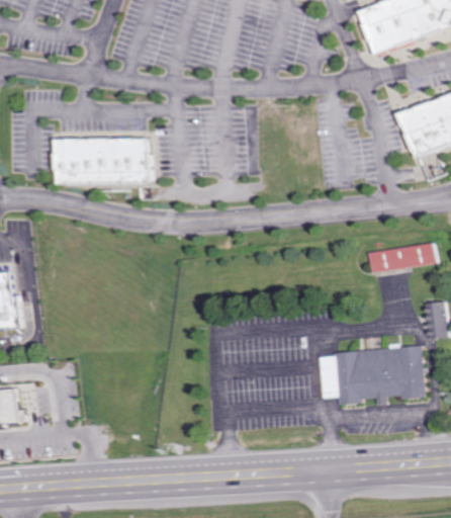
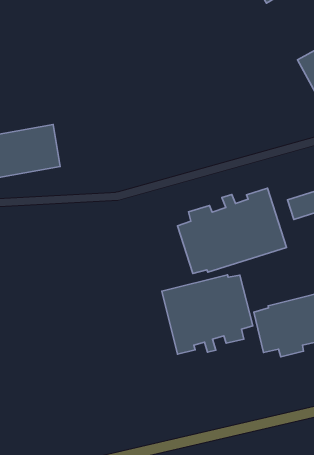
building: none -> [177,188,286,273]
building: none -> [162,275,253,354]

